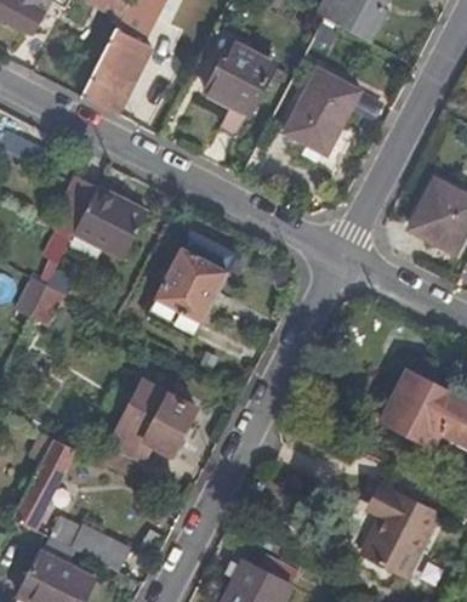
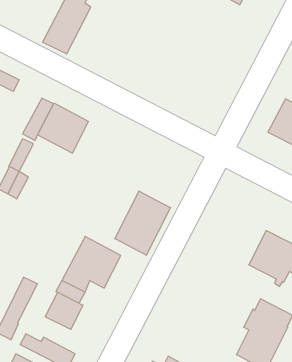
building: [206,41,274,136] -> none
building: [284,68,360,155] -> none
building: [147,246,228,340] -> [115,191,171,255]
building: none -> [45,292,83,329]

